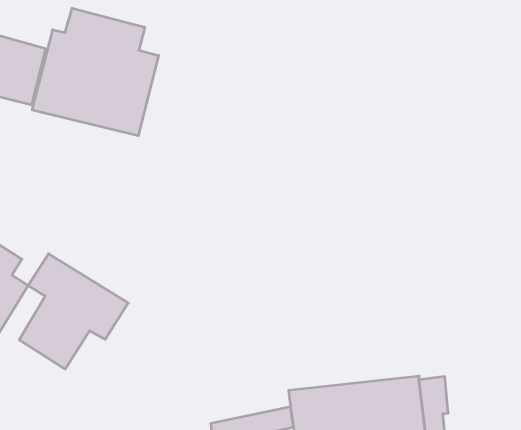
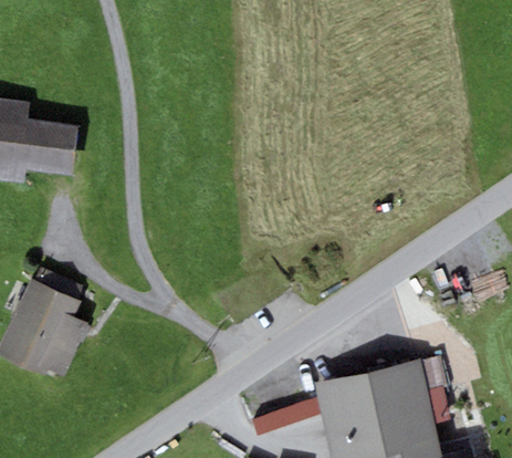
building: [32,8,159,136] -> none
building: [19,254,128,369] -> none

